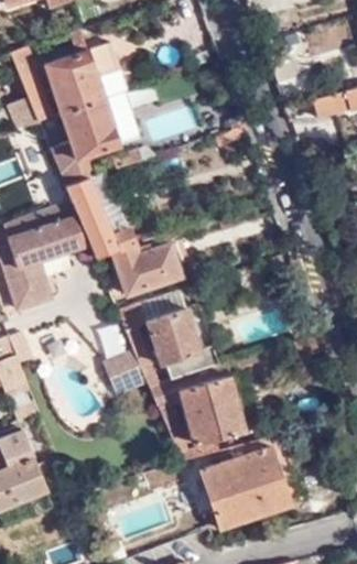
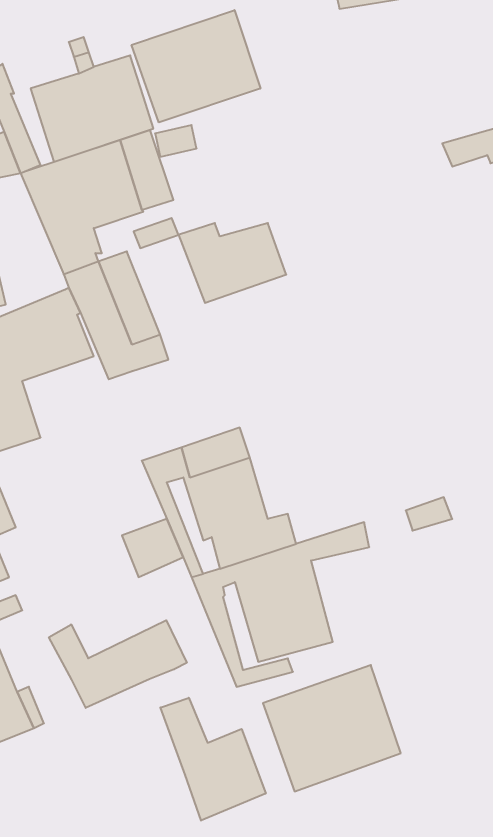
building: none -> [132,10,260,122]
building: [112,245,184,297] -> [178,223,286,303]
building: none -> [49,620,187,708]
building: none -> [160,698,266,821]

